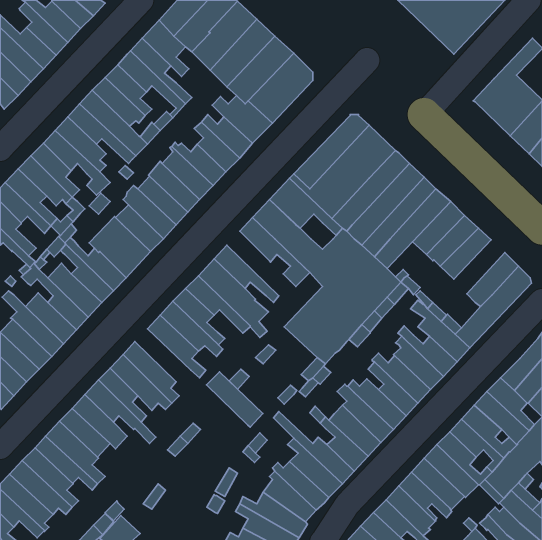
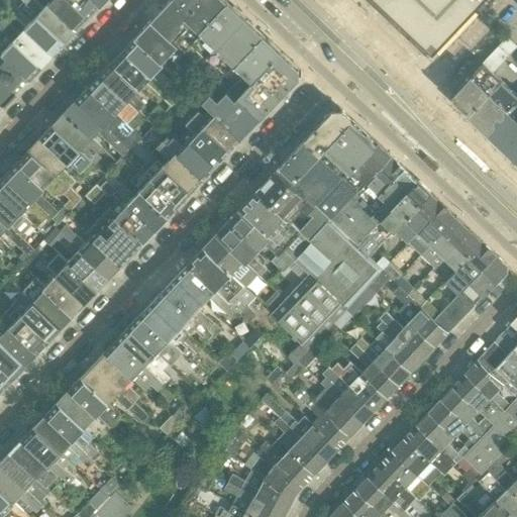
building: none -> [216,222,273,284]
building: none -> [432,230,481,282]
building: [207,372,263,427] -> [128,315,182,368]

